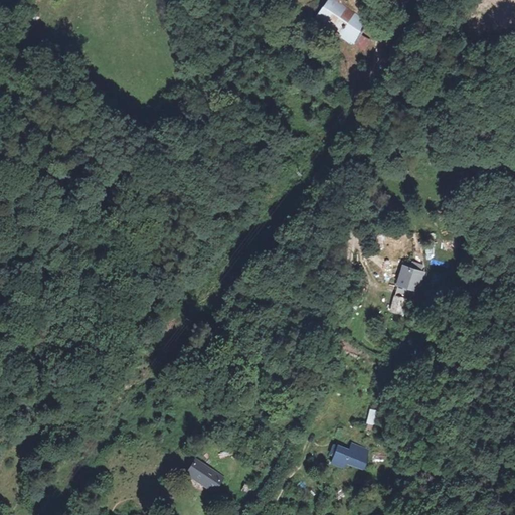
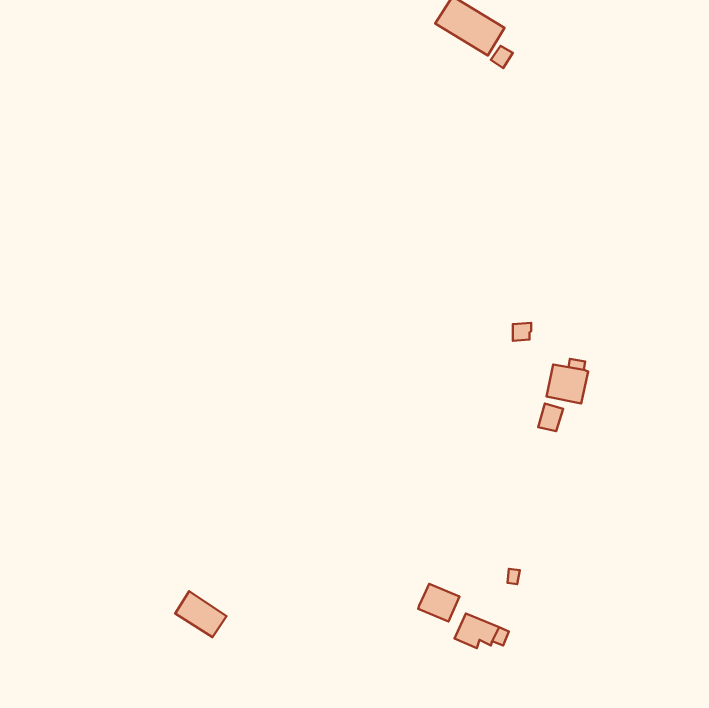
building: none -> [418,584,459,622]
building: [185,458,222,491] -> [175,591,227,637]

